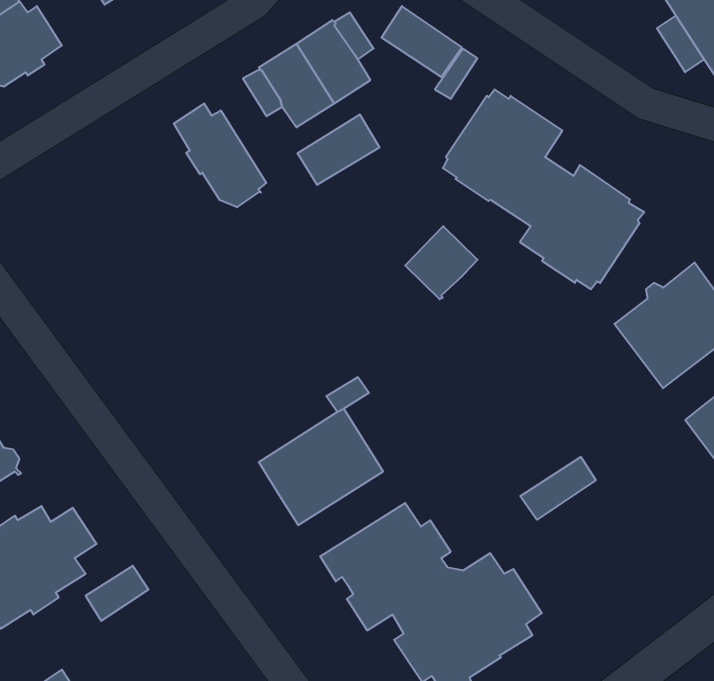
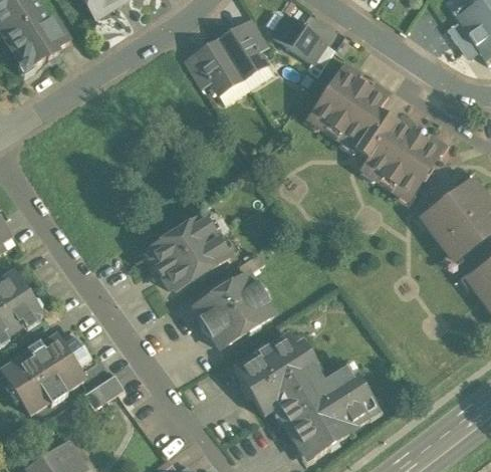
building: [174,103,266,207] -> none
building: [297,114,379,185] -> none
building: [405,226,478,299] -> none
building: none -> [148,214,229,289]
building: [520,457,596,520] -> none

